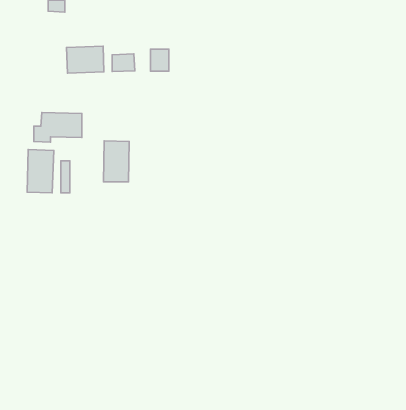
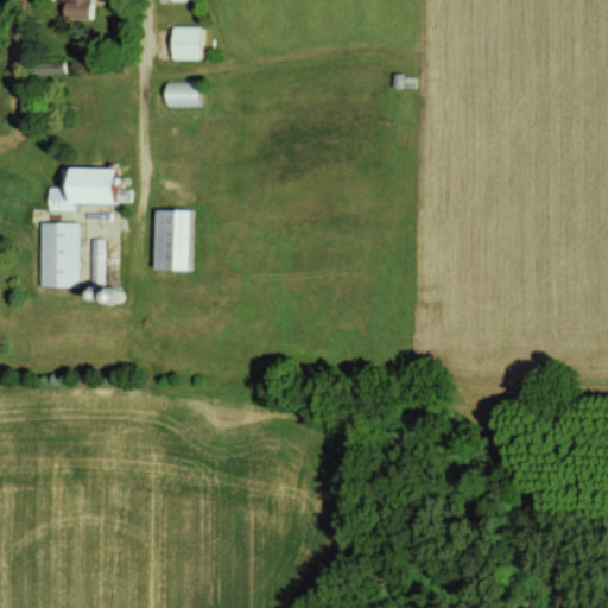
building: [66,46,104,73] -> none
building: [151,49,169,71] -> [175,26,202,58]

